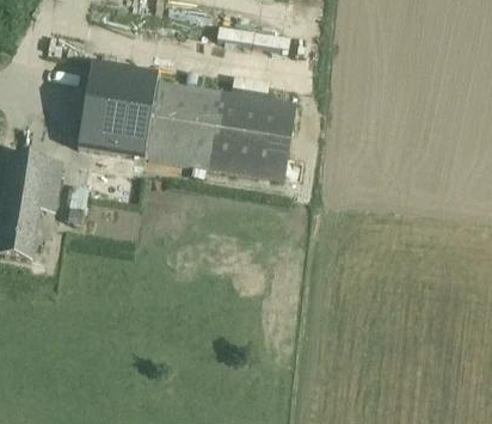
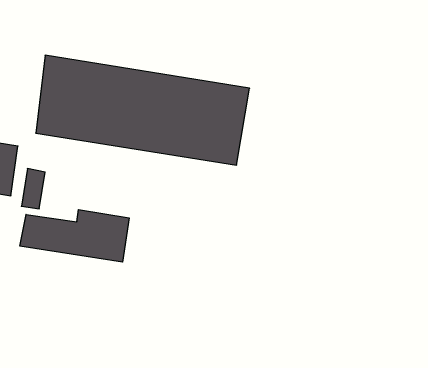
building: none -> [20,210,129,262]

